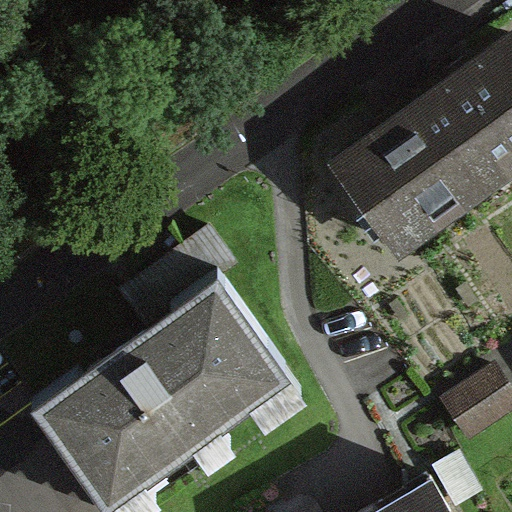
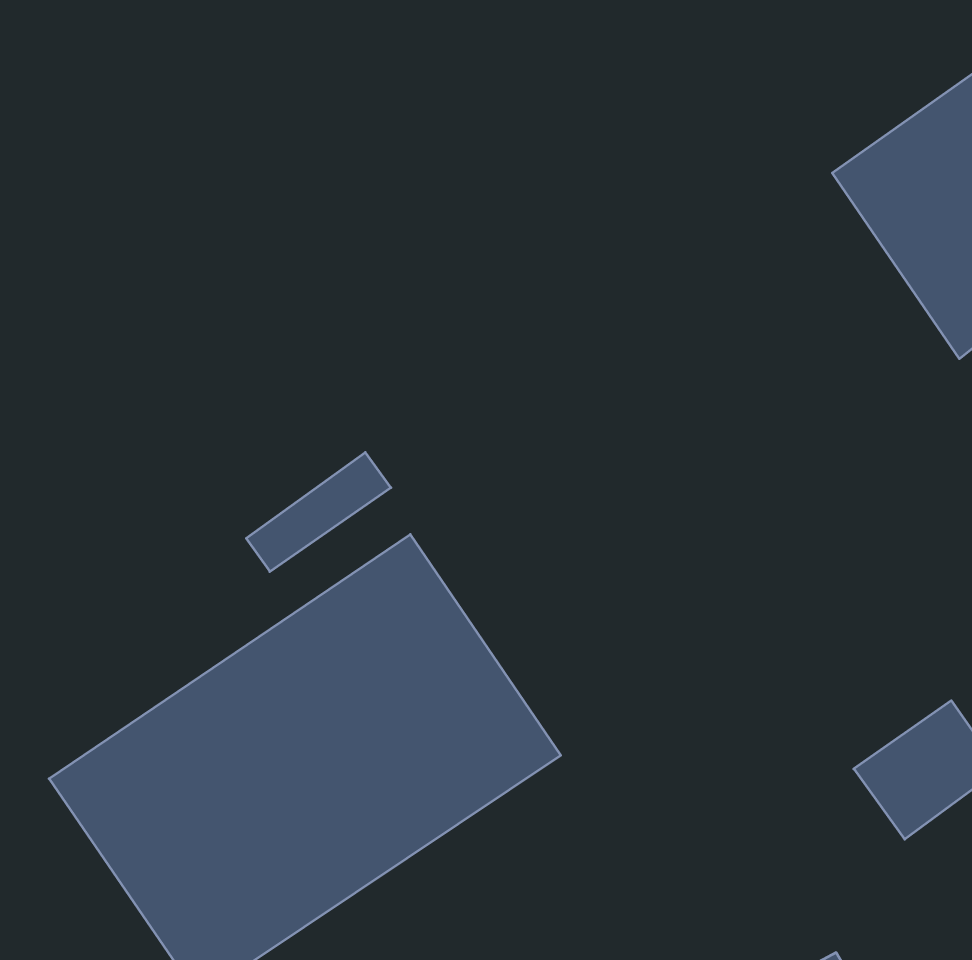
building: [338,92,498,251] -> none

